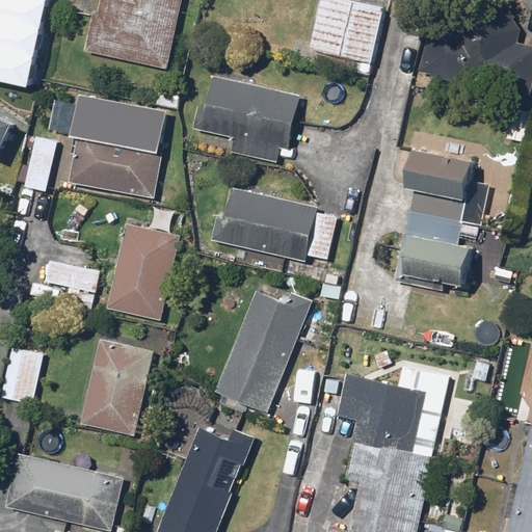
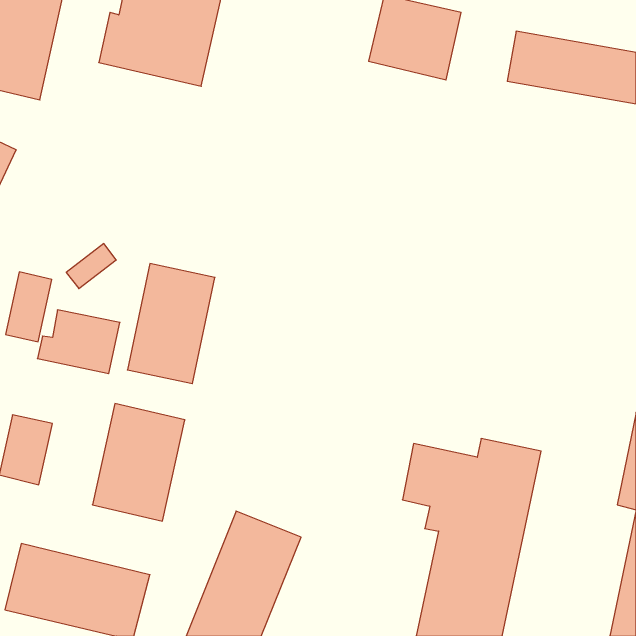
building: [197,75,300,163] -> none
building: [68,97,164,202] -> none
building: [21,134,59,192] -> [6,272,52,342]
building: [397,148,474,283] -> none
building: [214,186,337,262] -> none
building: [213,283,313,415] -> none

